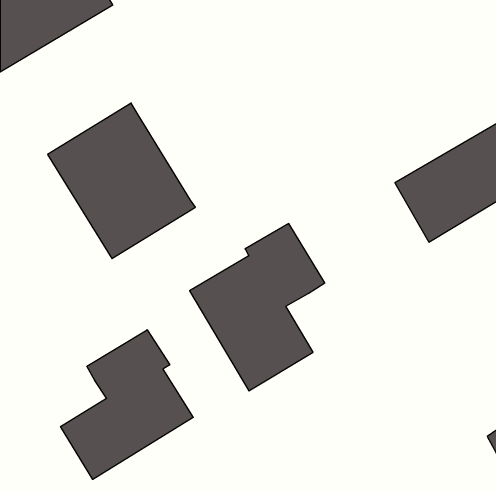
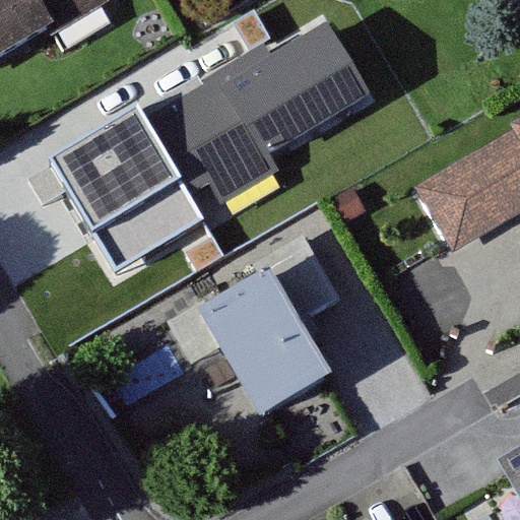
building: none -> [145,19,369,209]
building: [61,330,193,479] -> none

